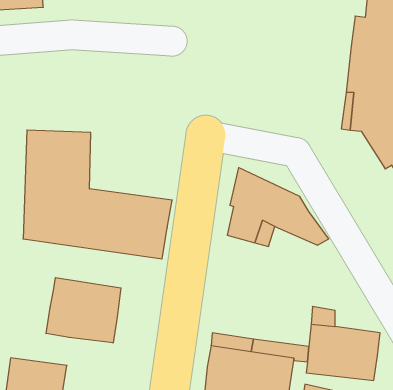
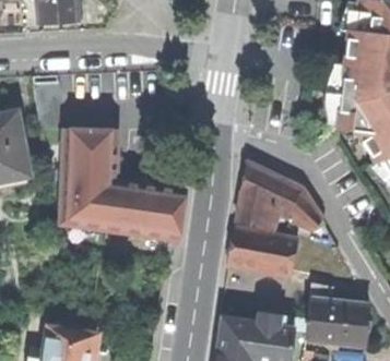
building: none -> [228,229,297,278]
building: [46,278,121,343] -> none

